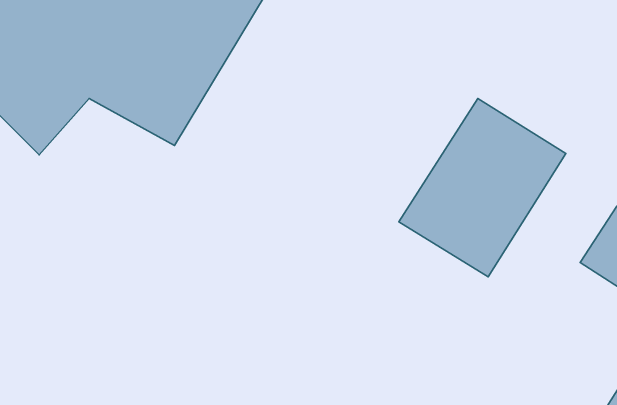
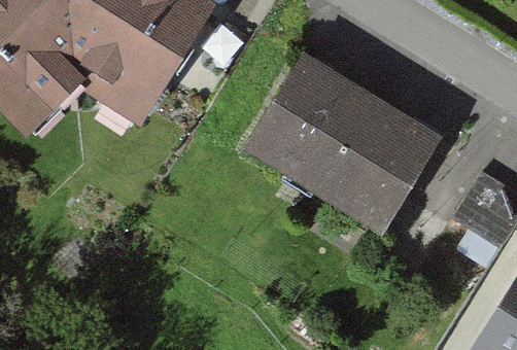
building: none -> [245,45,376,185]

